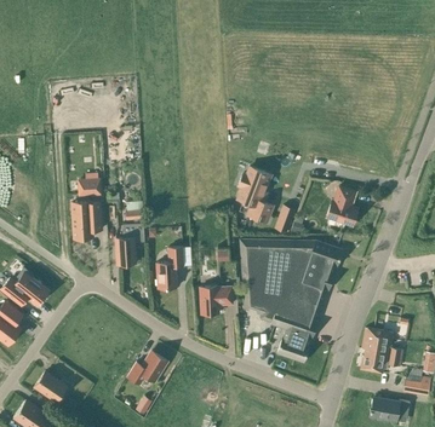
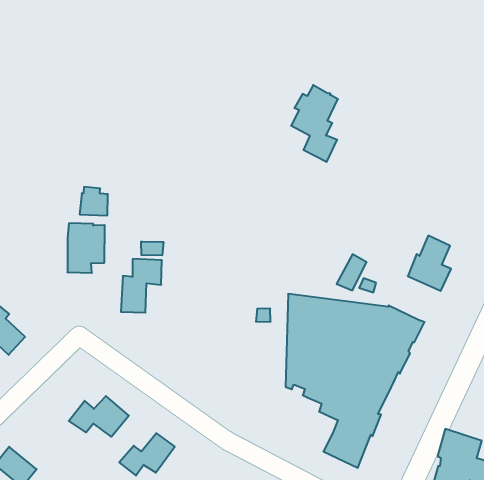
building: [237,167,273,223] -> [291,85,338,162]
building: [156,247,184,288] -> none
building: [200,287,233,315] -> none
building: none -> [69,396,129,437]

